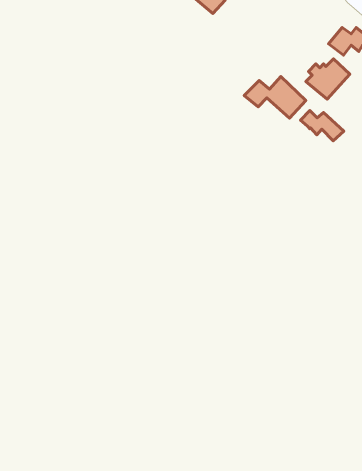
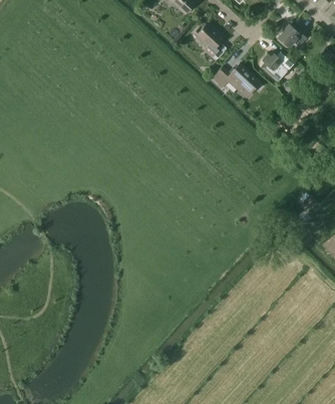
building: none -> [193,23,225,59]
building: [300,111,344,141] -> none

